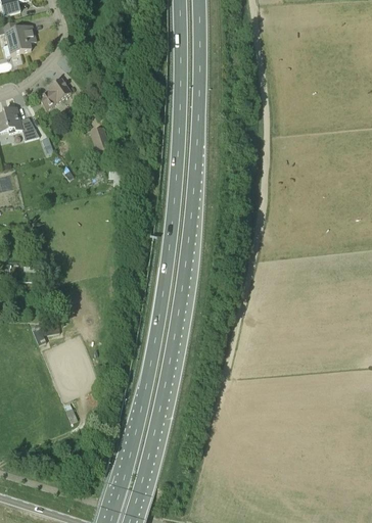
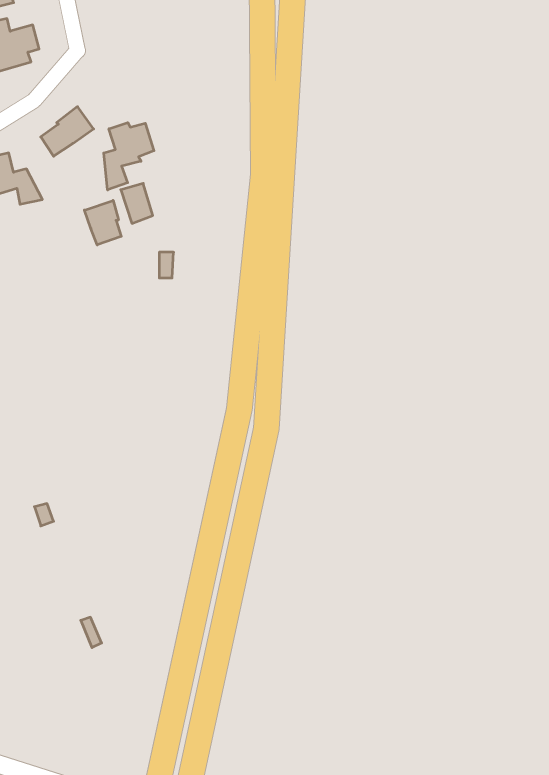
building: none -> [104,123,154,190]
building: none -> [84,200,121,245]

